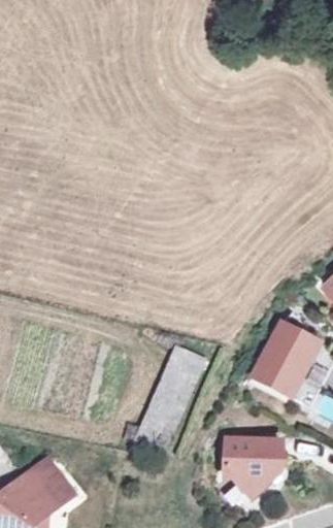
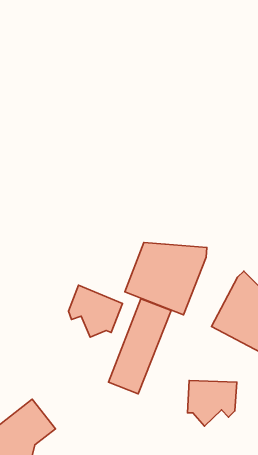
building: none -> [125,242,207,315]
building: none -> [68,285,123,337]

